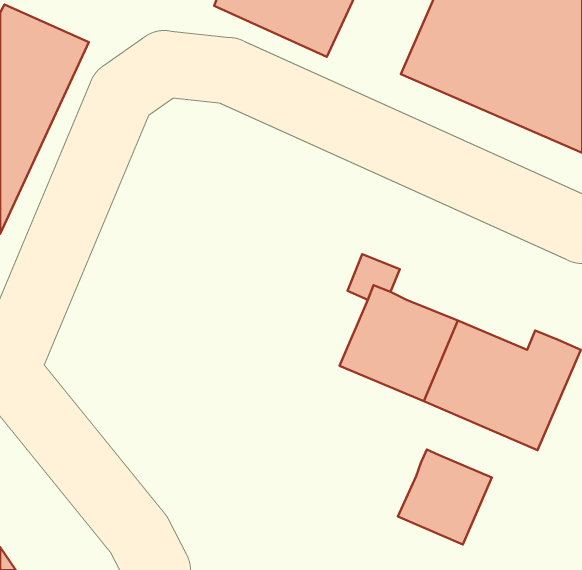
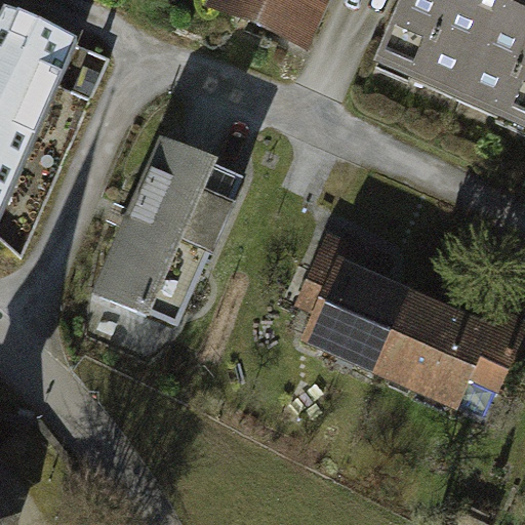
building: none -> [99,136,239,319]
building: [398,449,492,544] -> none

